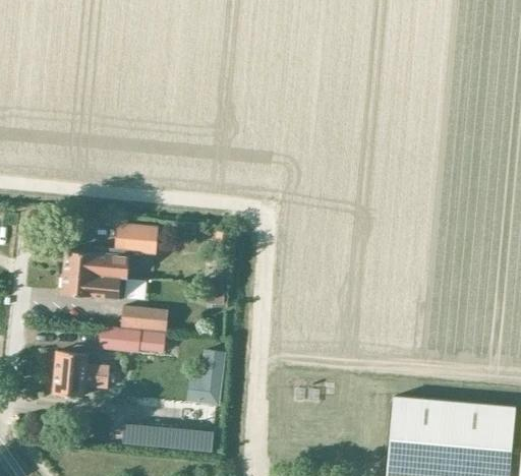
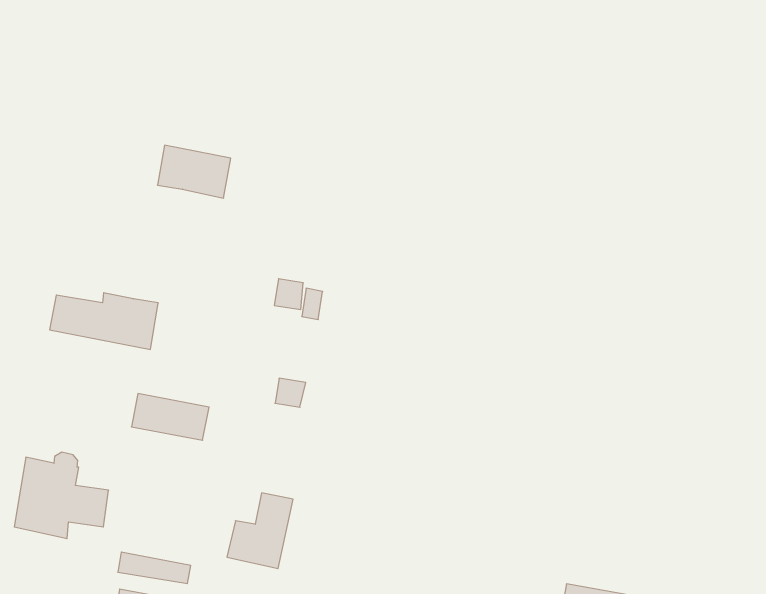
building: [115,224,158,252] -> [157,145,231,198]
building: [64,272,128,302] -> none
building: [97,326,164,351] -> none

